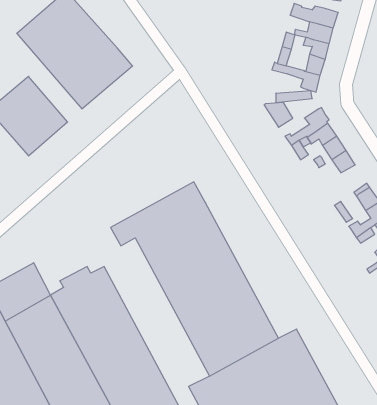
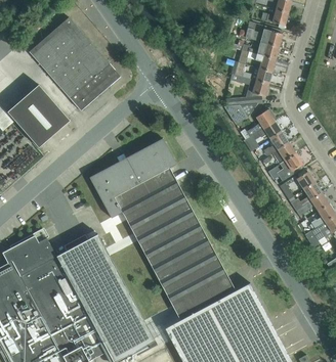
building: none -> [89,138,177,203]
building: none -> [277,154,304,181]

